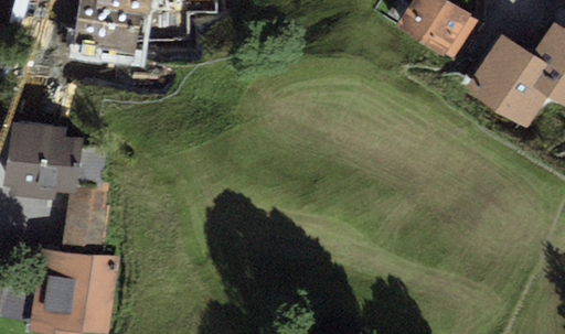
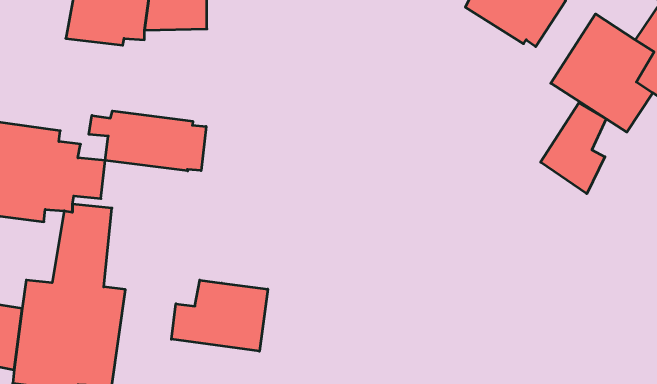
building: none -> [541,103,606,194]
building: none -> [89,111,206,171]
building: none -> [171,280,268,351]

